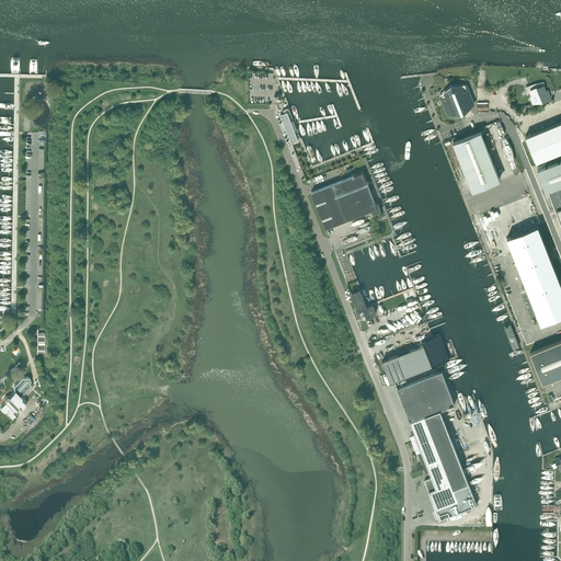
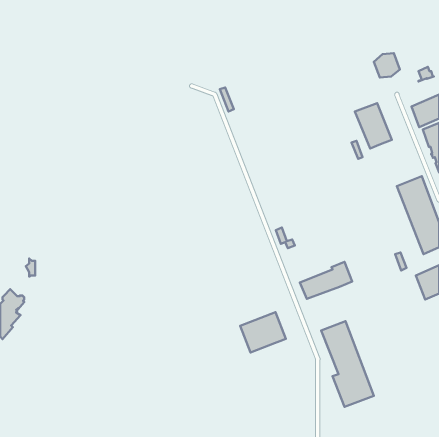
building: [440,87,473,117] -> [374,53,400,77]
building: [311,174,381,230] -> none
building: [397,373,455,424] -> [240,312,286,352]

